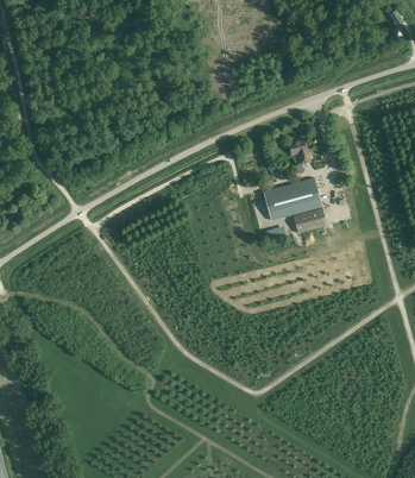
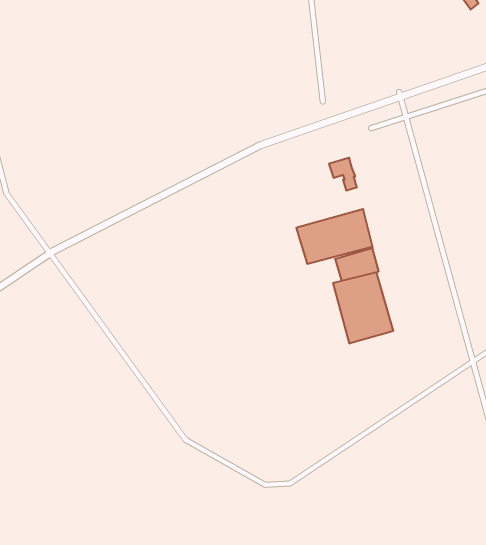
building: none -> [333,272,393,344]

